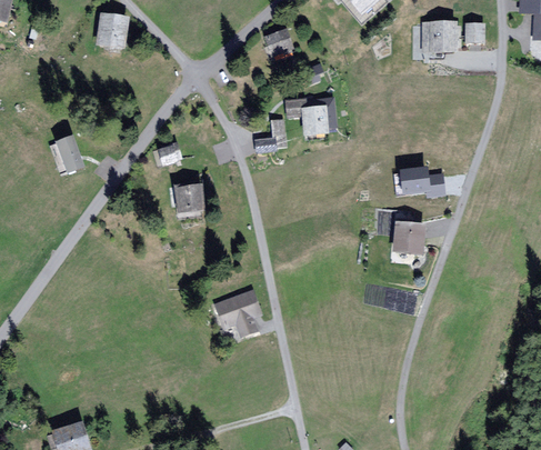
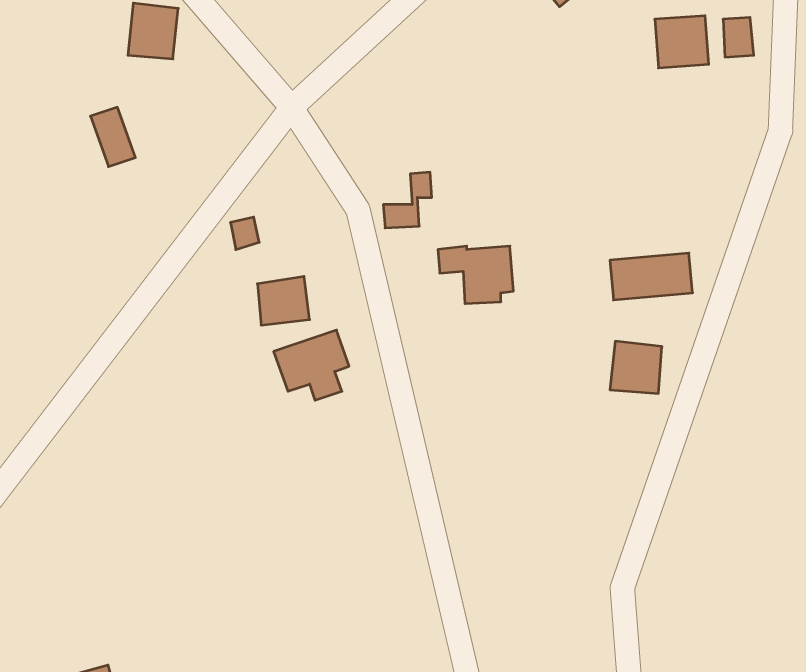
building: [263,29,291,56] -> none
building: [287,98,333,133] -> [438,246,513,304]
building: [56,137,83,173] -> [90,107,135,167]
building: [212,290,259,333] -> [274,330,349,400]

